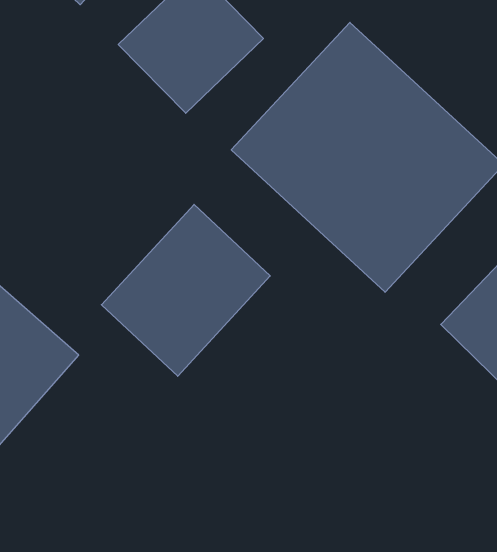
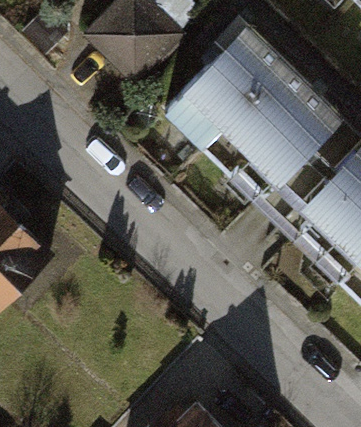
building: [101,204,270,376] -> none

